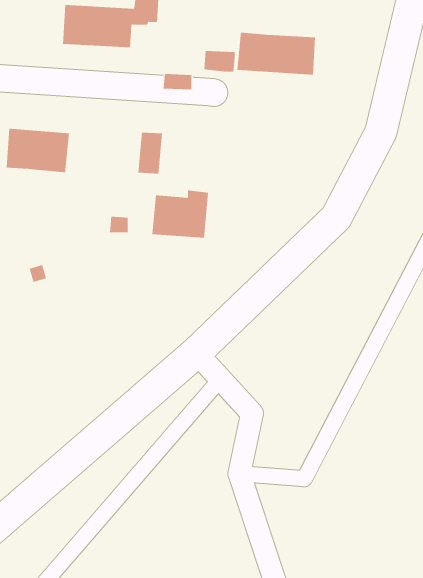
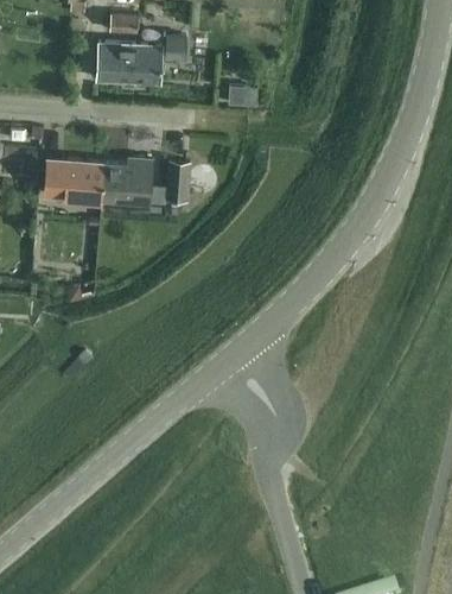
building: [237,32,315,76] -> none
building: [151,190,209,238] -> [100,158,153,203]

